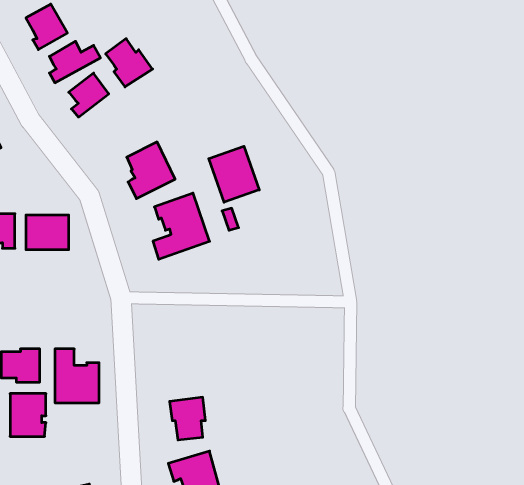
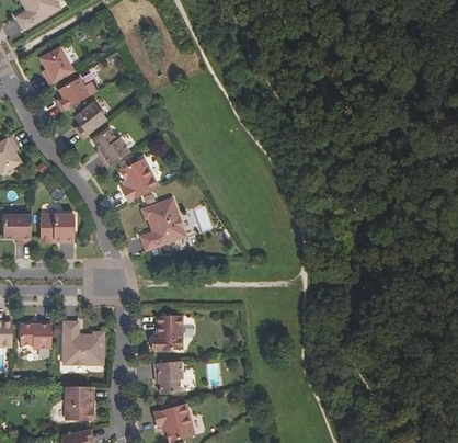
building: [106,39,153,87] -> [92,128,129,167]
building: [209,146,259,202] -> none
building: none -> [151,315,182,349]
building: [10,394,46,436] -> [65,386,93,420]

